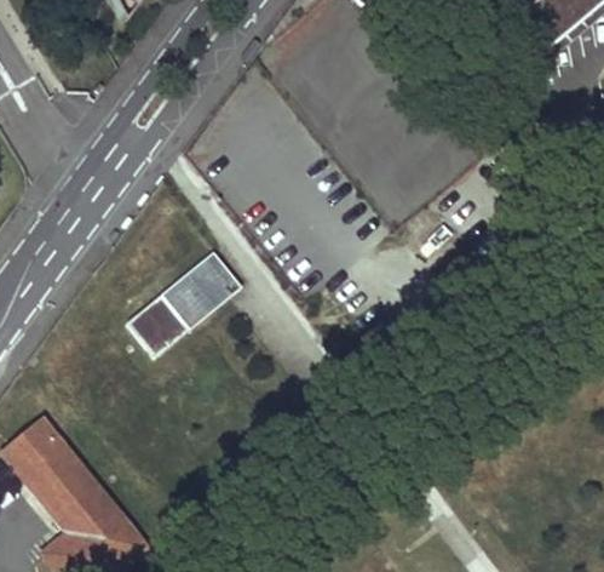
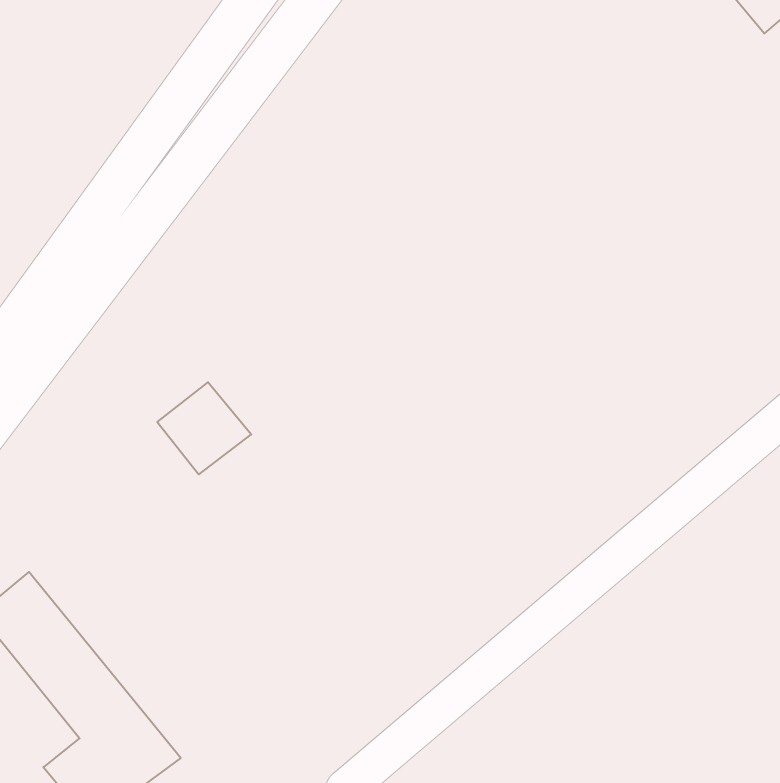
building: [163,246,245,324] -> none

